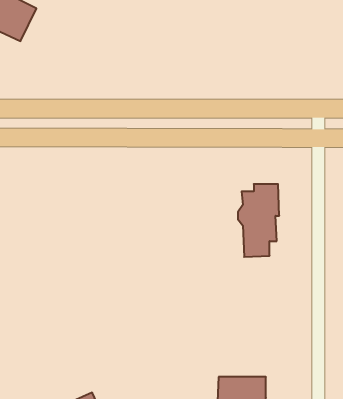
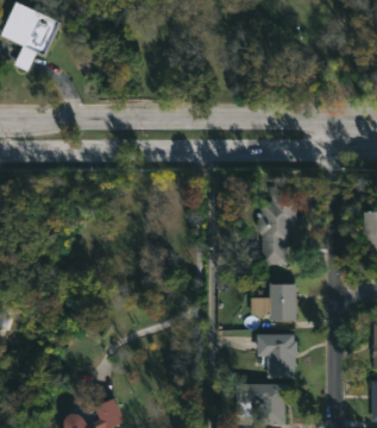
building: none -> [250,283,295,320]
building: none -> [256,335,296,378]

